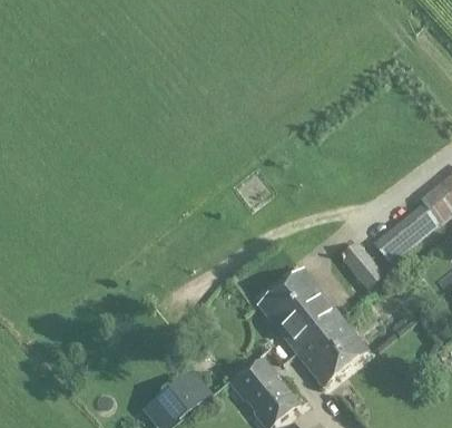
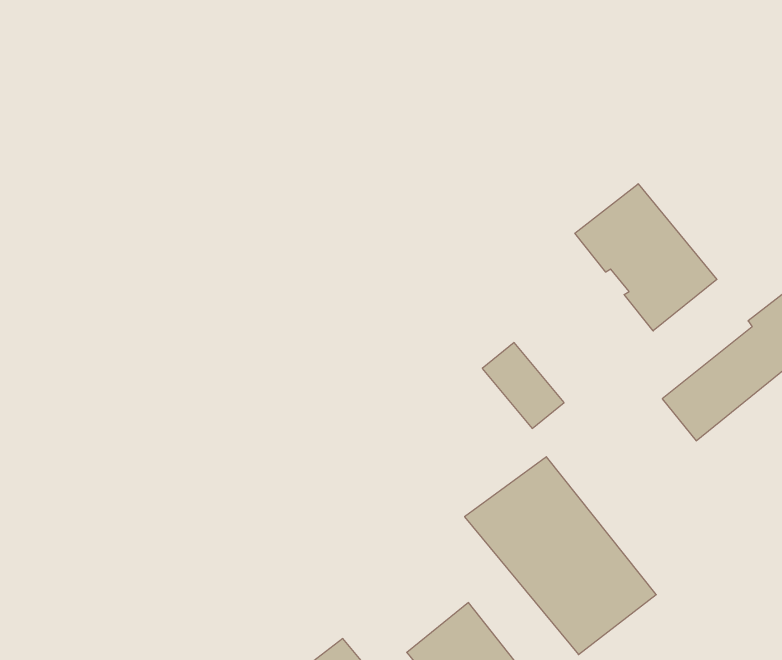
building: none -> [575,184,717,331]
building: [337,241,383,289] -> [482,343,564,428]

